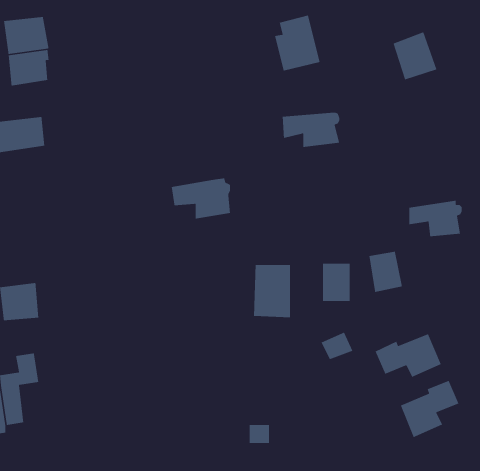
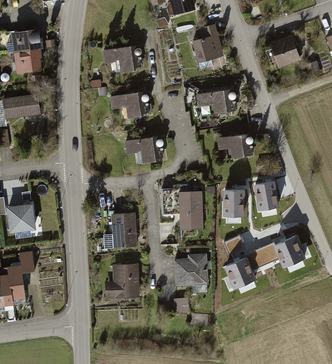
building: none -> [101,45,141,71]
building: none -> [109,90,148,118]
building: [408,200,462,237] -> [216,132,252,157]
building: none -> [112,213,135,246]
building: none -> [174,254,207,286]
building: none -> [104,264,138,297]
building: [400,380,460,438] -> [225,250,265,289]

